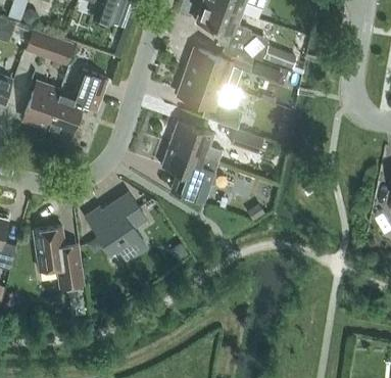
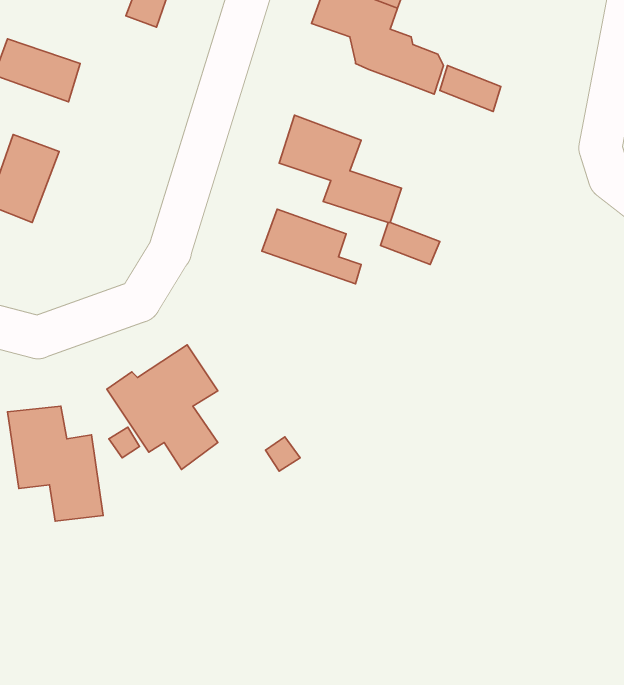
building: [186,47,260,89] -> none
building: [46,70,107,137] -> none
building: [160,144,218,203] -> none

